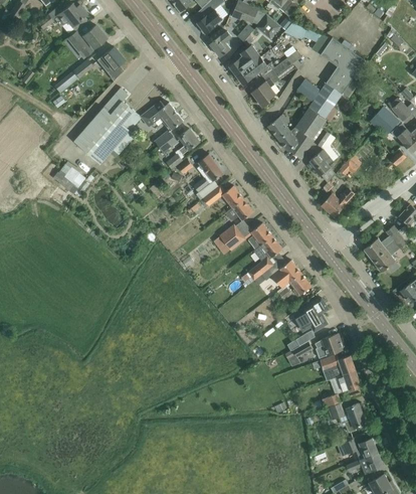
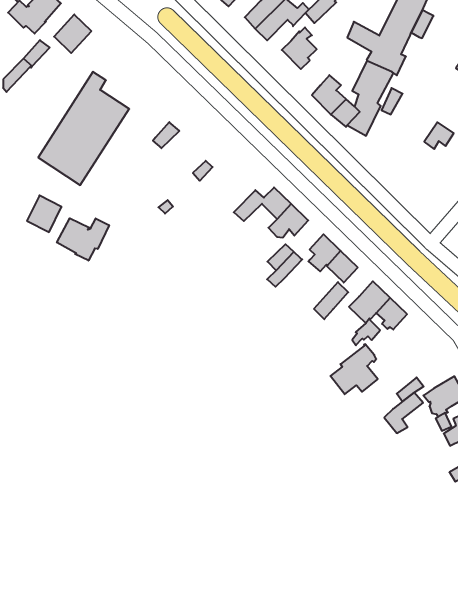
building: [143,101,183,129] -> none
building: [167,129,200,169] -> none
building: [307,149,335,176] -> none
building: [197,154,224,184] -> none
building: none -> [57,218,109,261]
building: [322,188,354,217] -> none
building: [294,298,328,330] -> [330,344,378,394]

